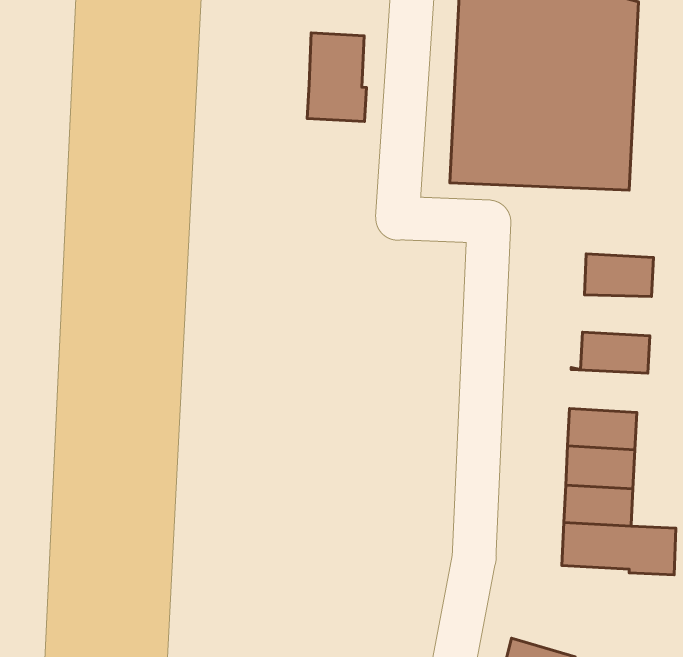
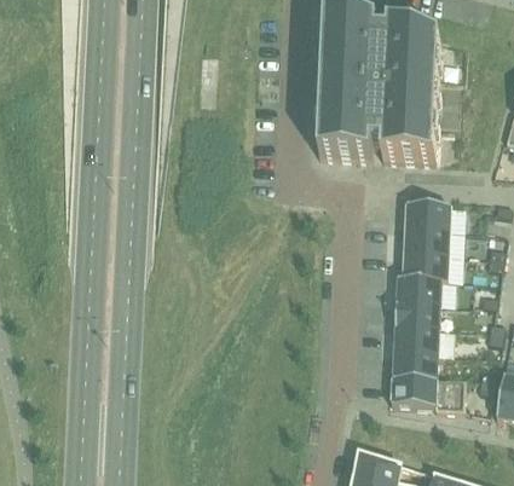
building: [307,33,367,122] -> none
building: none -> [404,227,449,254]
building: none -> [395,276,446,303]

